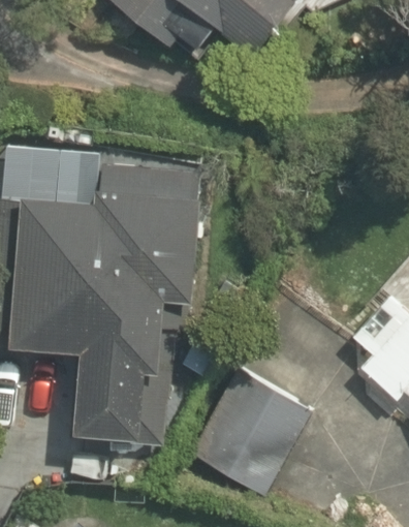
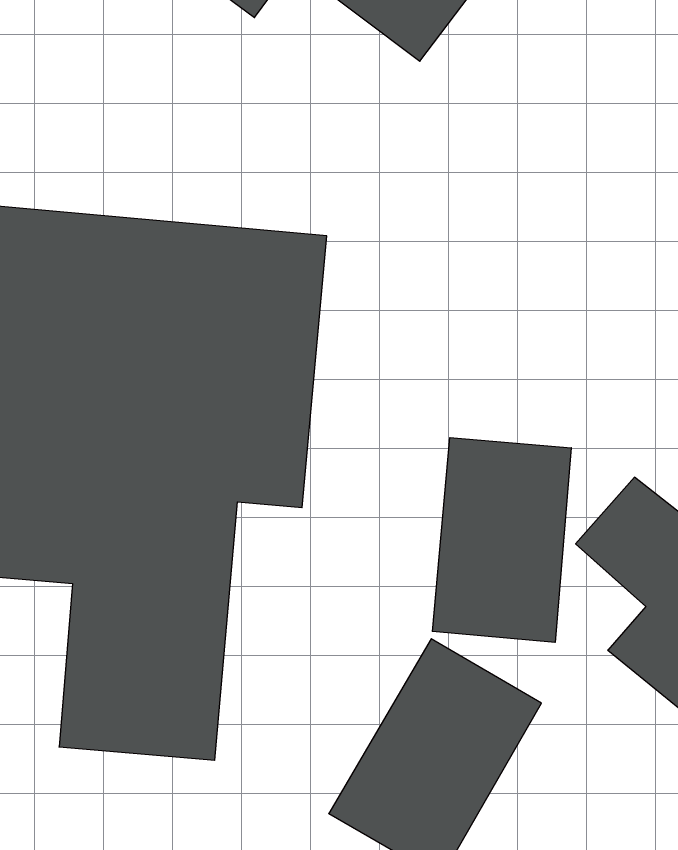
building: none -> [432,438,571,642]

